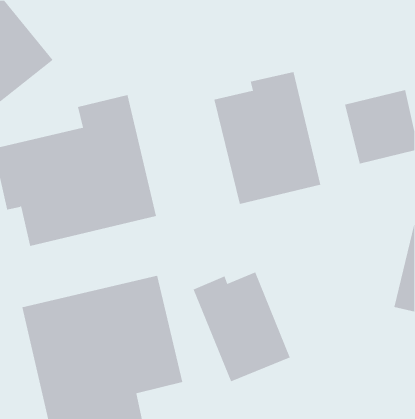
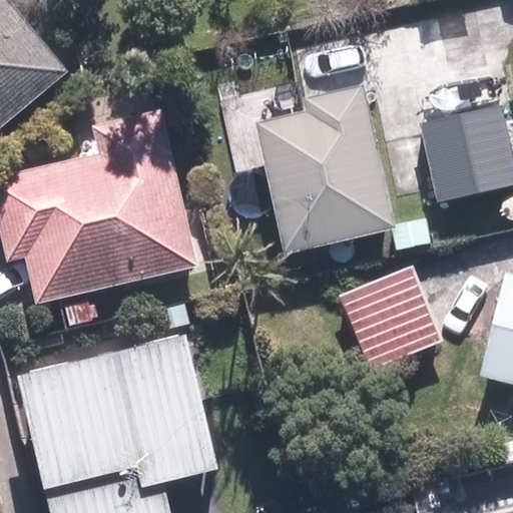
building: none -> [340,273,436,369]
building: [193,272,290,382] -> none

